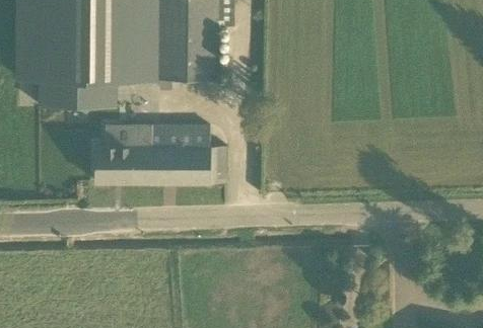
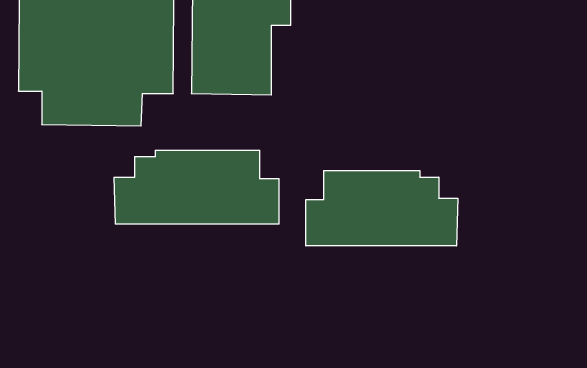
building: none -> [306,171,458,246]

